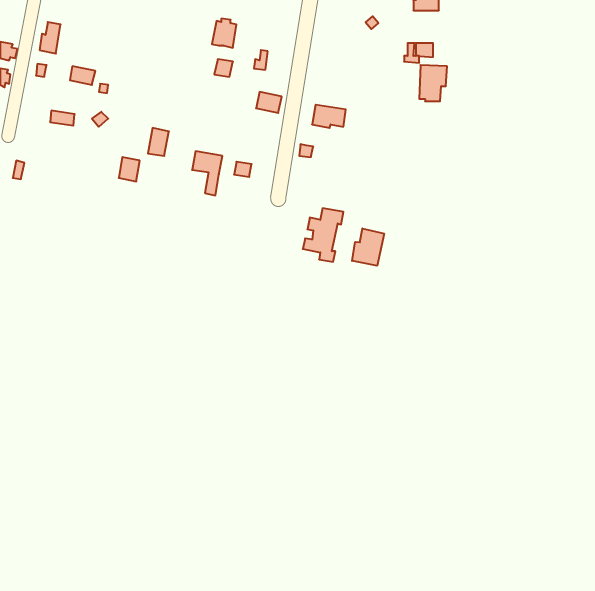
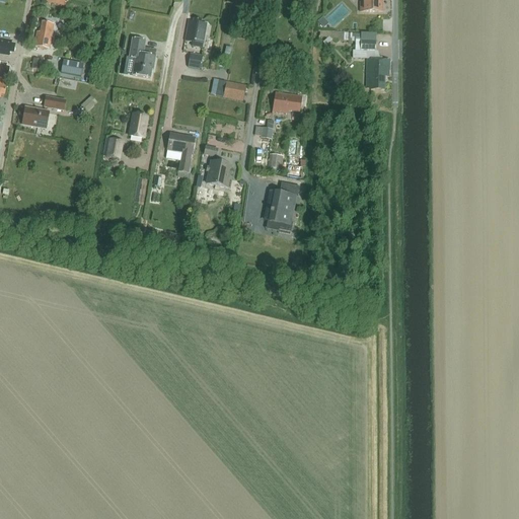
building: none -> [129,36,155,76]
building: none -> [21,106,49,128]
building: none -> [207,160,231,187]
building: [352,228,384,266] -> none

